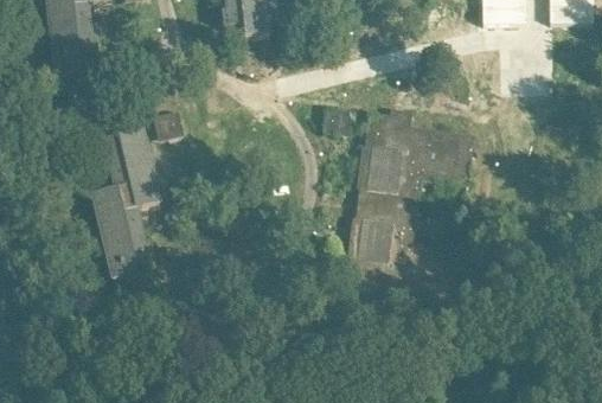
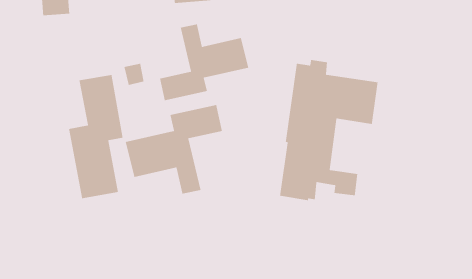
building: none -> [159,24,249,101]
building: none -> [125,104,223,194]

